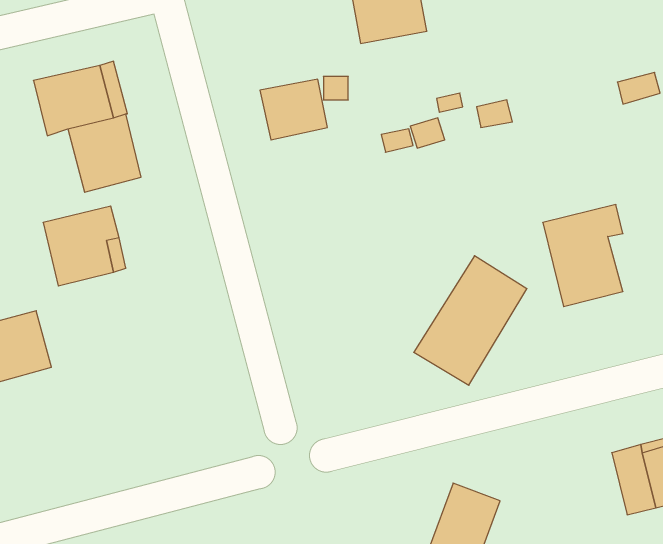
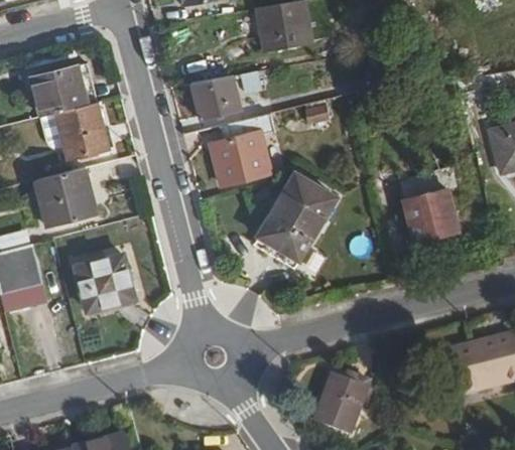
building: none -> [213,113,274,184]
building: [414,256,527,385] -> [253,172,336,267]
building: none -> [76,256,133,311]

